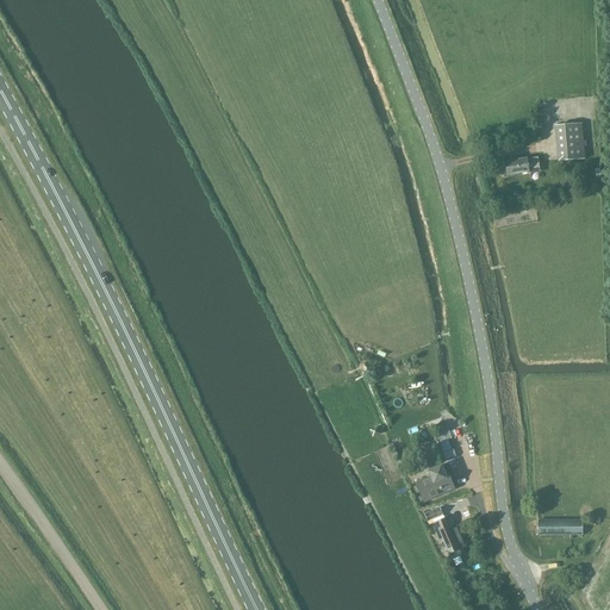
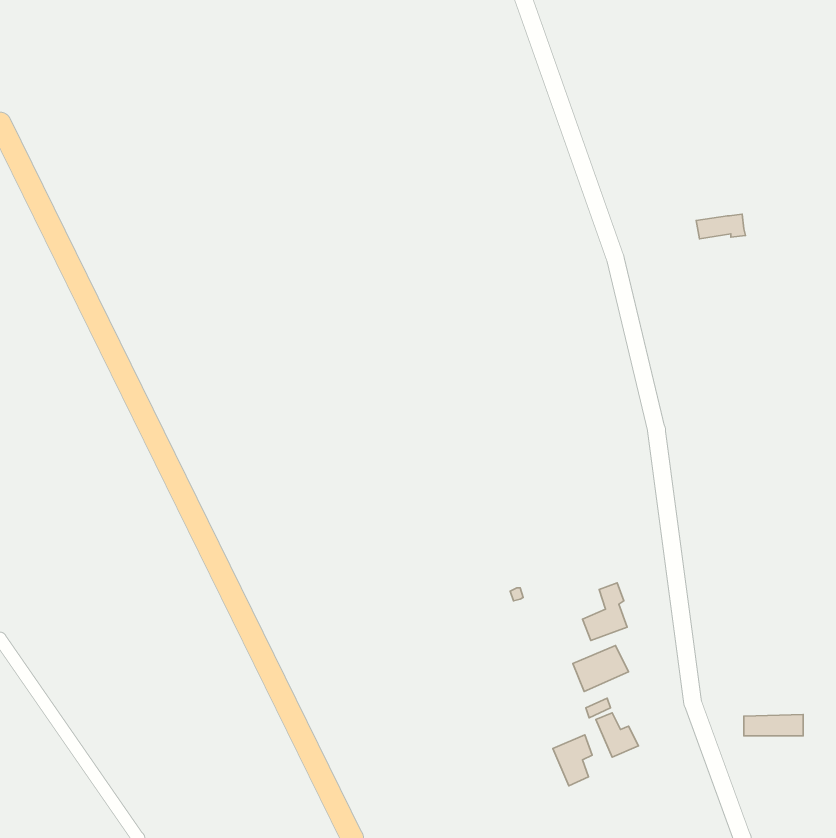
building: [558,120,587,160] -> none
building: none -> [553,735,592,786]

